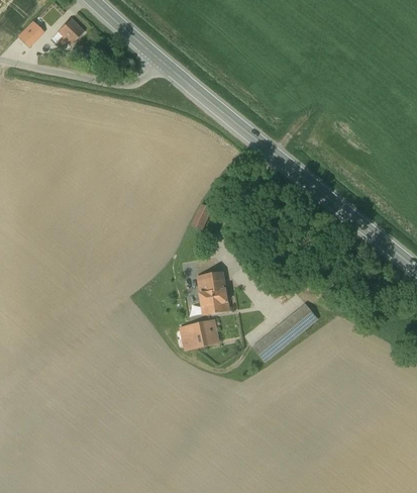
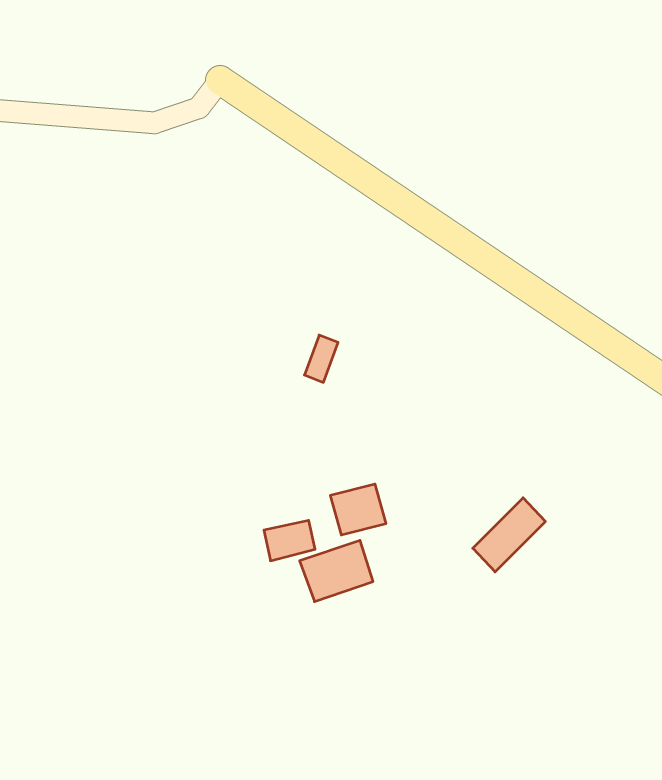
building: [57,17,84,45] -> none
building: [198,272,225,292] -> [264,520,315,561]
building: [253,328,287,360] -> none

